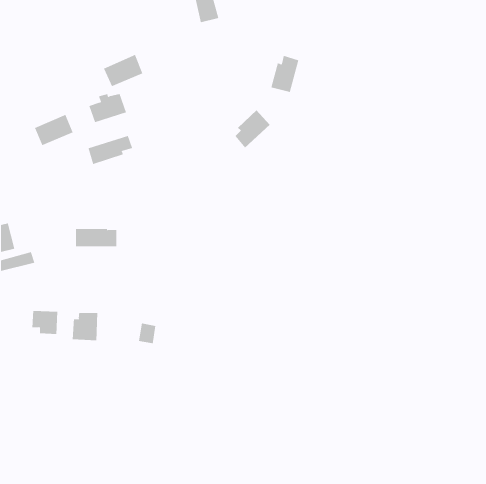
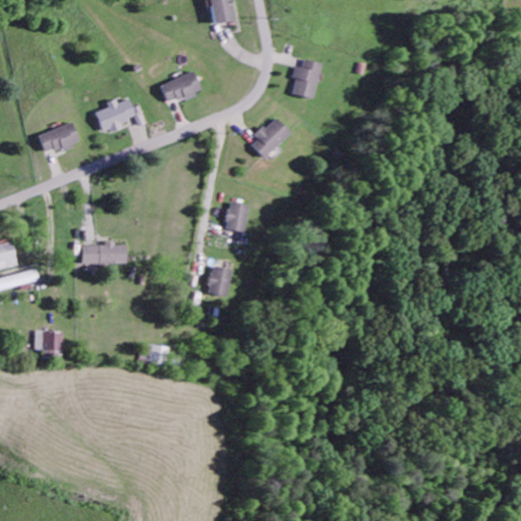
building: [103,54,143,87] -> [160,70,202,105]
building: [88,135,133,165] -> none
building: none -> [225,202,247,232]
building: none -> [207,267,230,297]
building: [72,312,98,341] -> none

